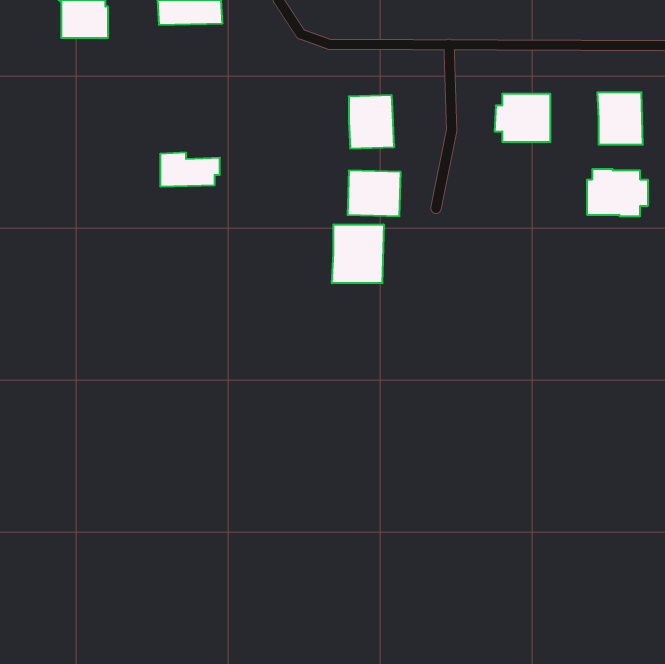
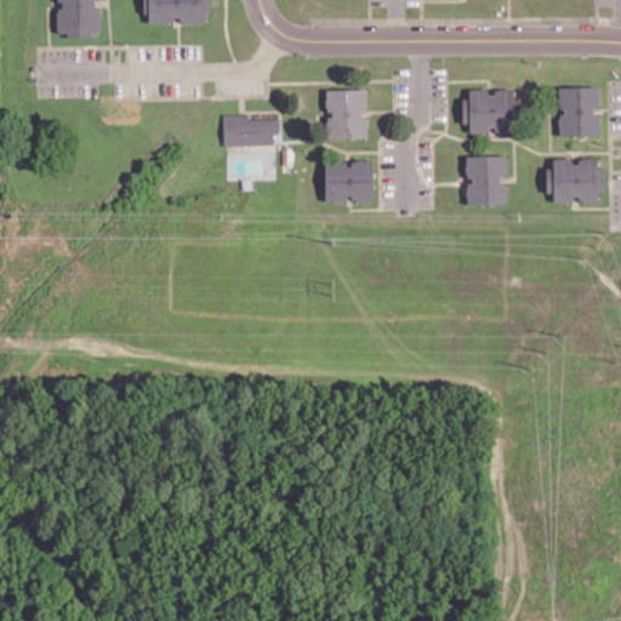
building: [160,153,220,186] -> [223,114,279,146]
building: none -> [465,156,507,205]
building: [332,224,384,283] -> none

